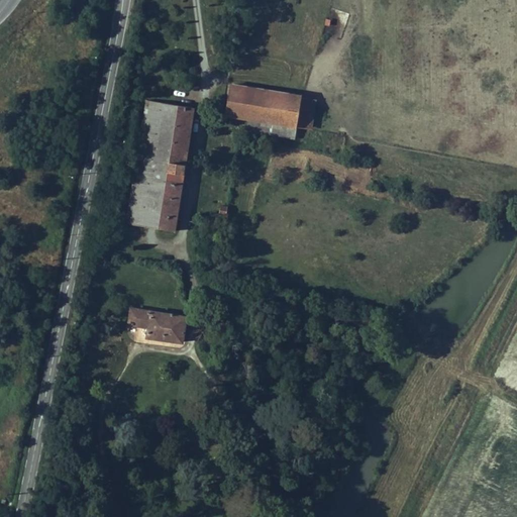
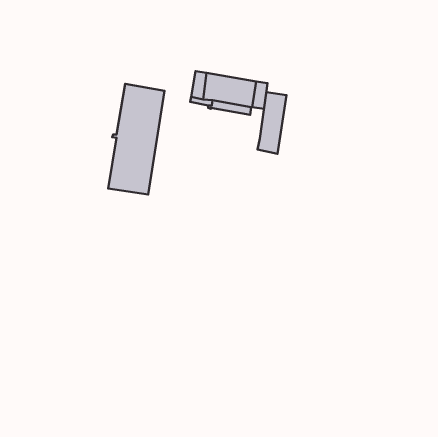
building: none -> [257,92,286,154]
building: [129,307,187,341] -> none

